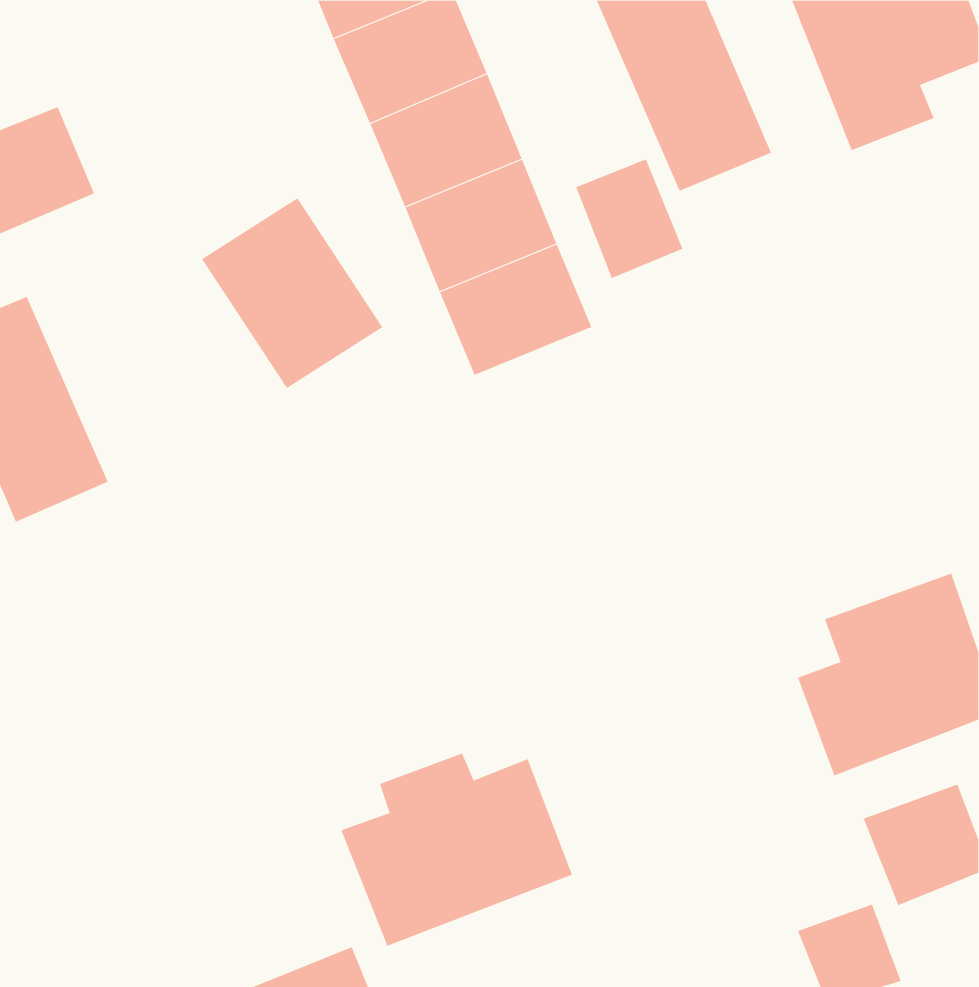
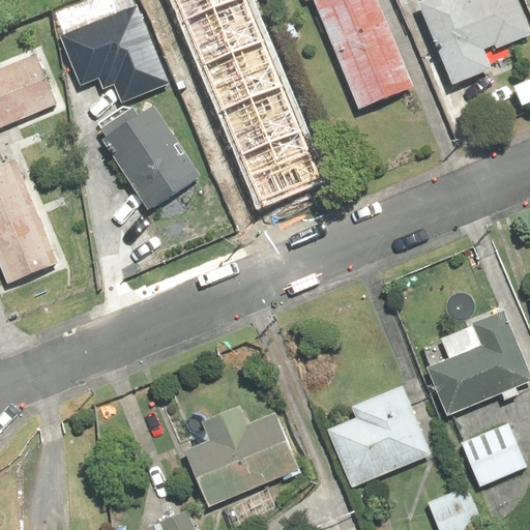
building: none -> [60,12,159,105]
building: [576,159,683,279] -> none
building: none -> [323,381,435,487]

